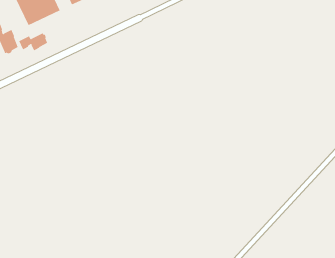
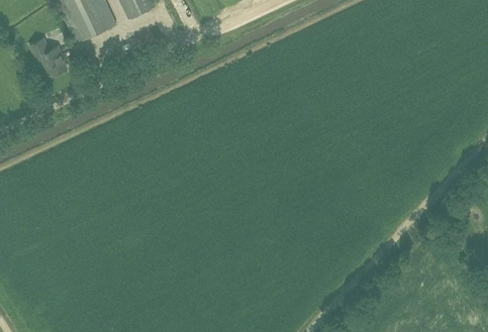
building: [18,33,48,51] -> none

